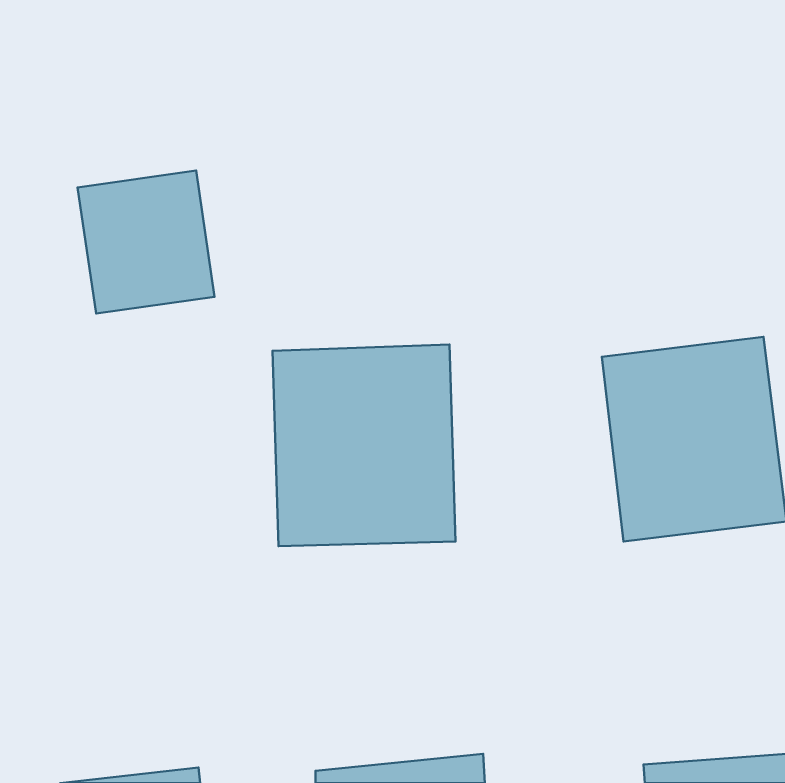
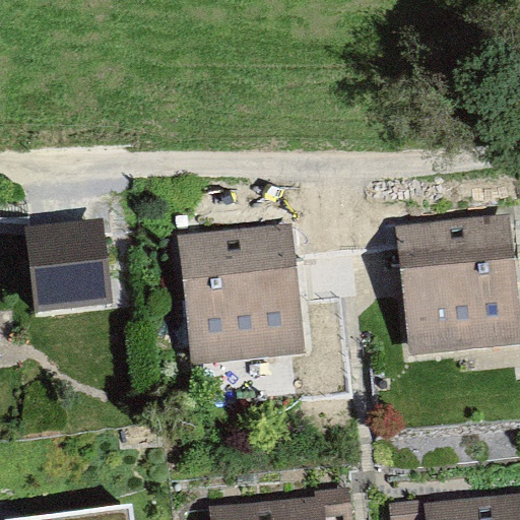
building: [78,171,215,314] -> [24,215,115,310]

